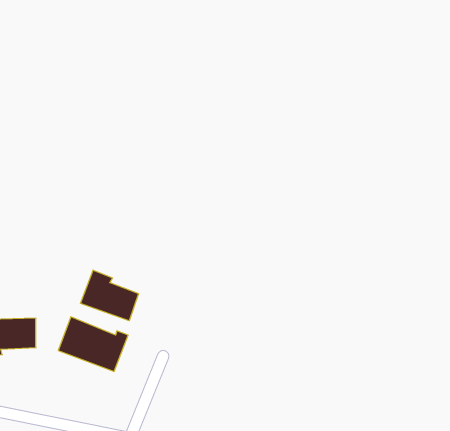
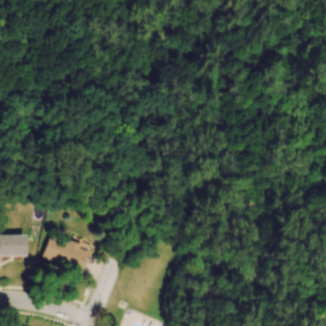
building: [81,270,139,321] -> none

